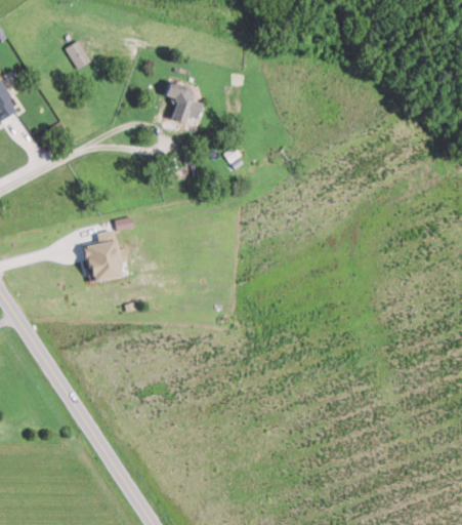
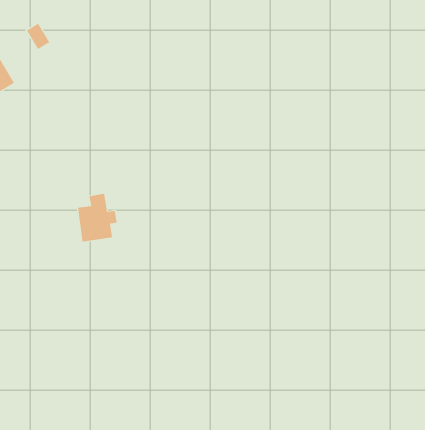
building: [67,40,92,69] -> [26,23,50,50]
building: [166,81,204,122] -> none

